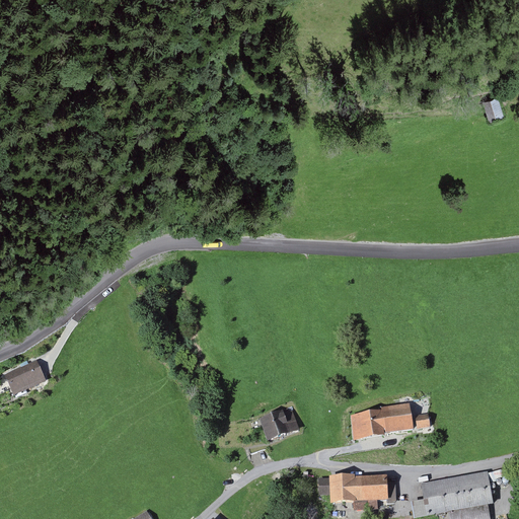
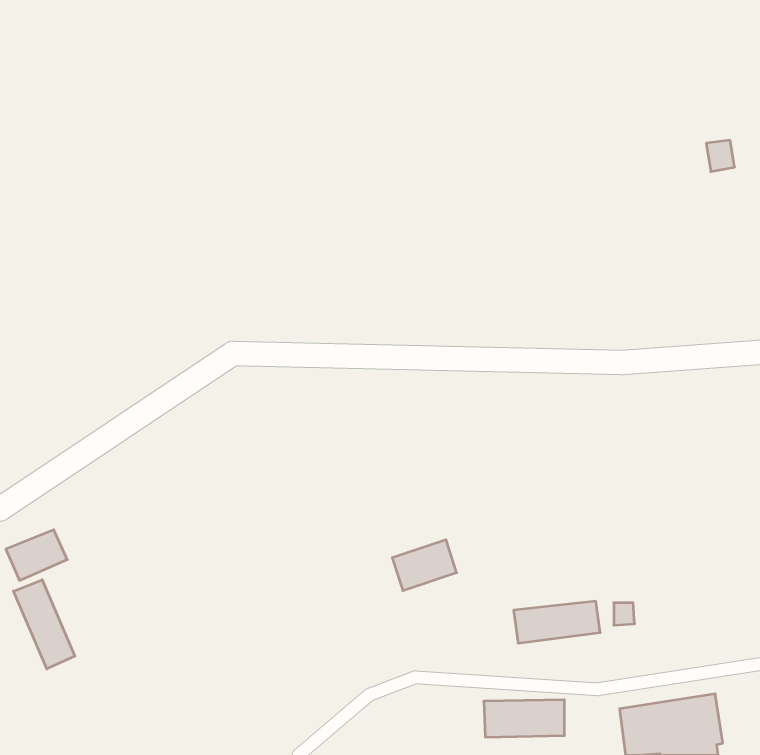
building: none -> [13,580,75,669]
building: [257,404,301,439] -> [392,540,457,591]

